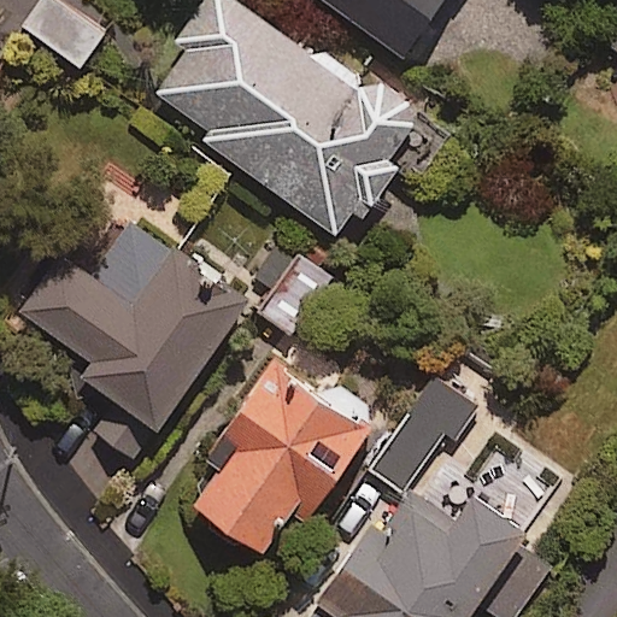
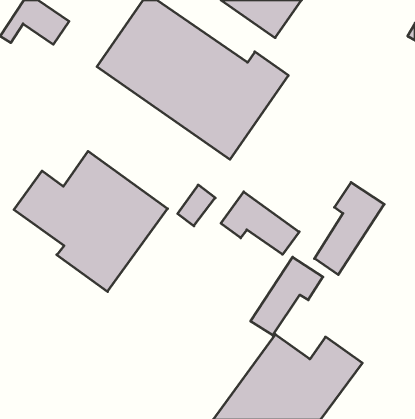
building: none -> [314,182,384,275]
building: none -> [221,192,299,254]
building: [195,364,371,553] -> none

